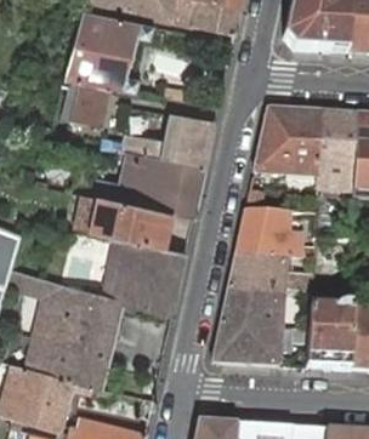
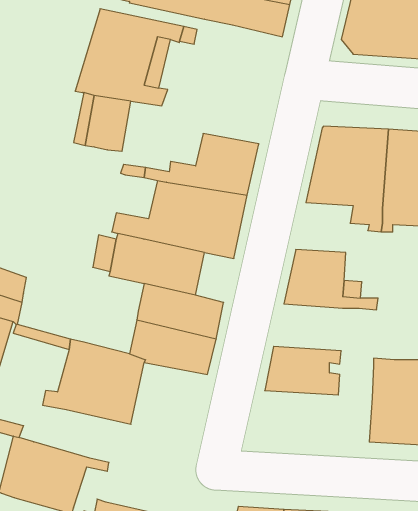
building: [227,253,311,295] -> none
building: [212,325,280,365] -> none
building: [29,337,109,387] -> none

